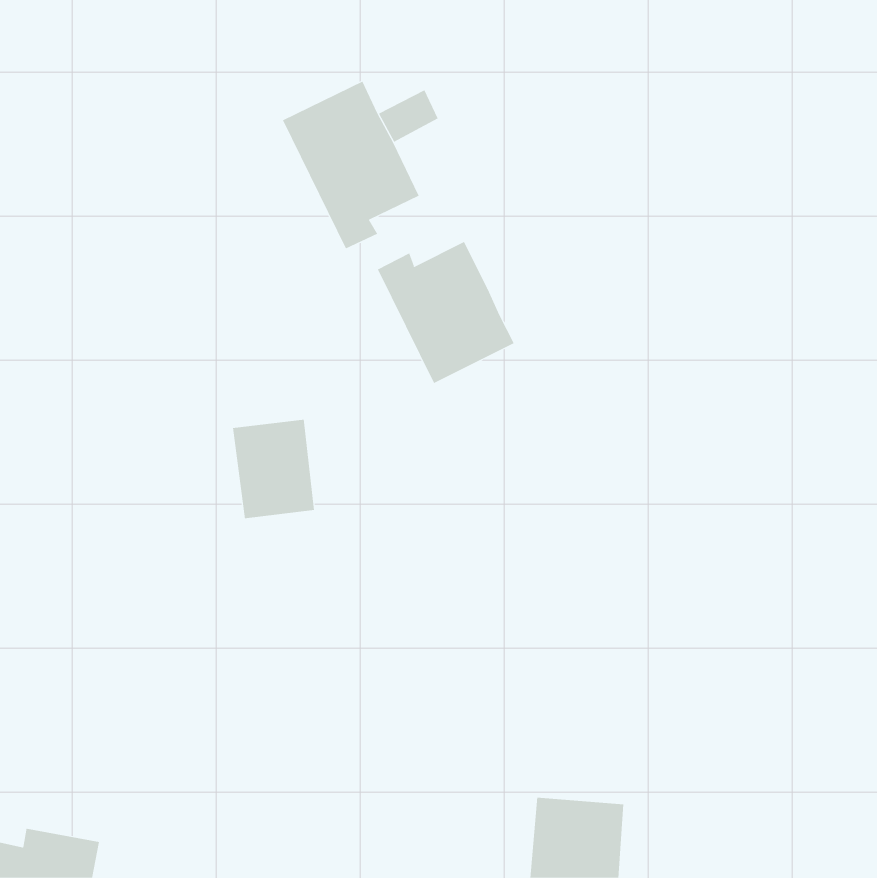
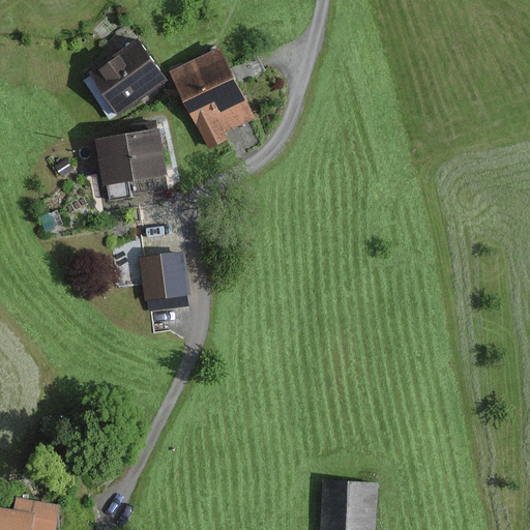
building: none -> [87,40,166,116]
building: none -> [86,128,167,200]
building: [377,241,515,384] -> none

